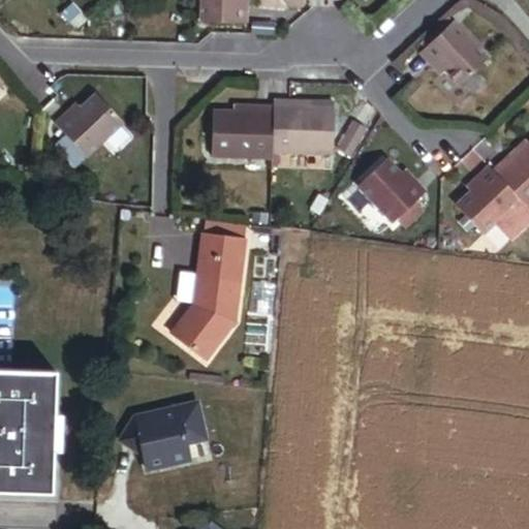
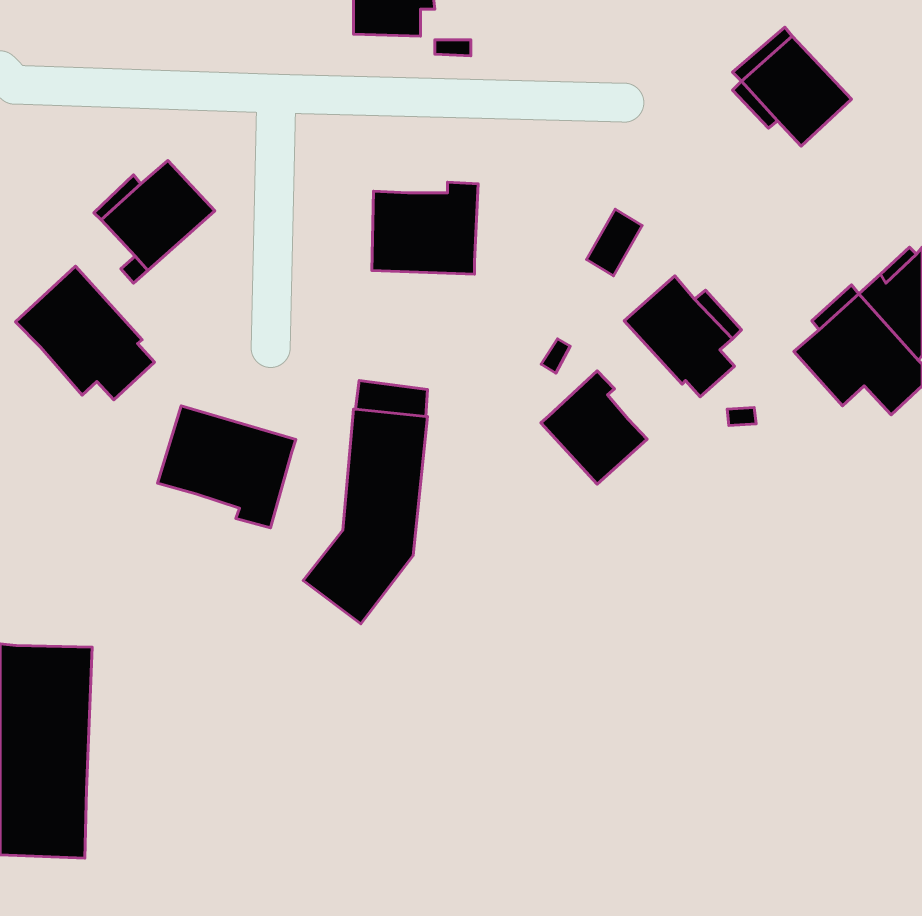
building: [272,99,334,152] -> none
building: none -> [16,266,155,400]
building: none -> [541,371,647,484]
building: none -> [157,406,296,528]
building: [121,415,205,478] -> none

